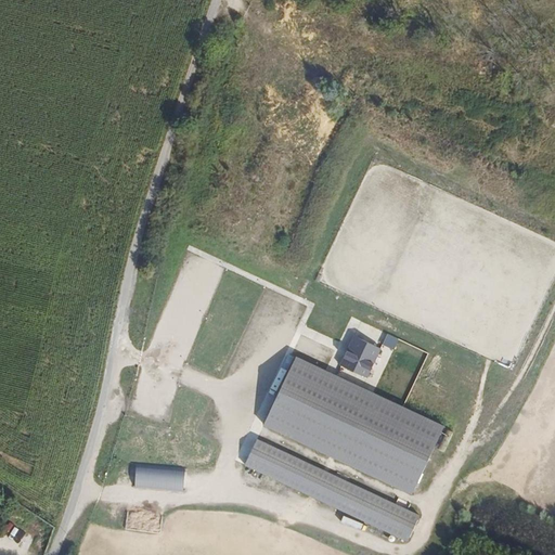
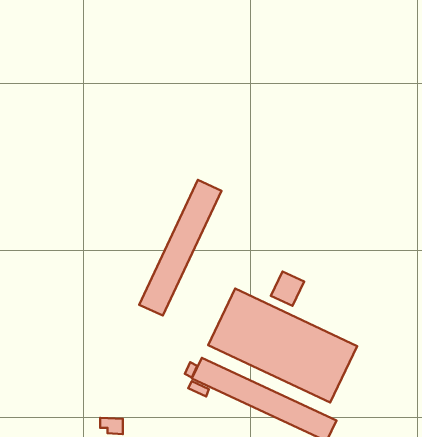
building: none -> [139,180,222,316]
building: [133,466,184,489] -> none

